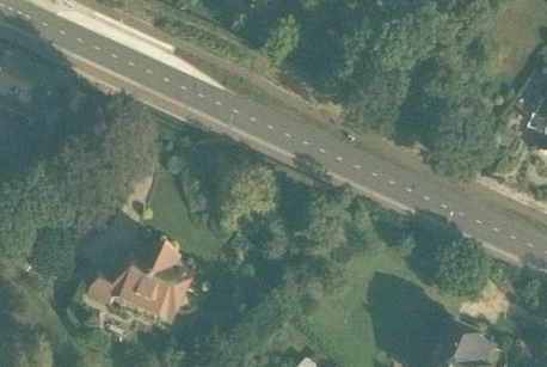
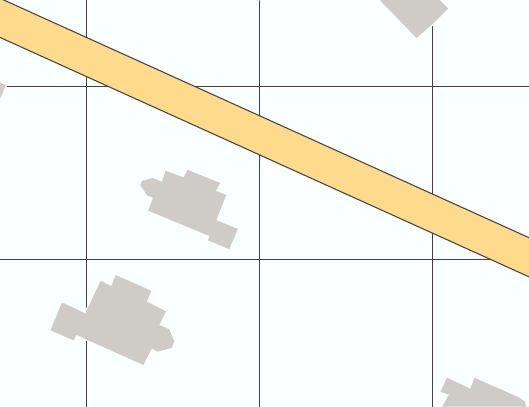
building: none -> [140,169,239,250]

